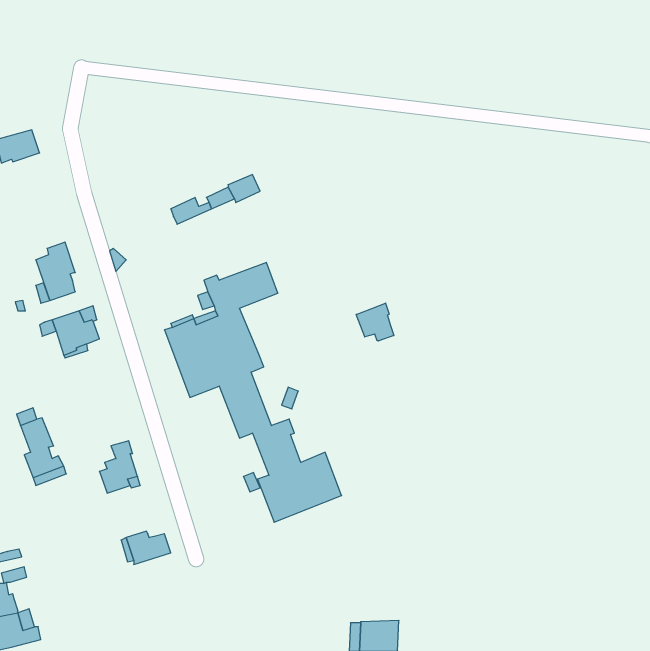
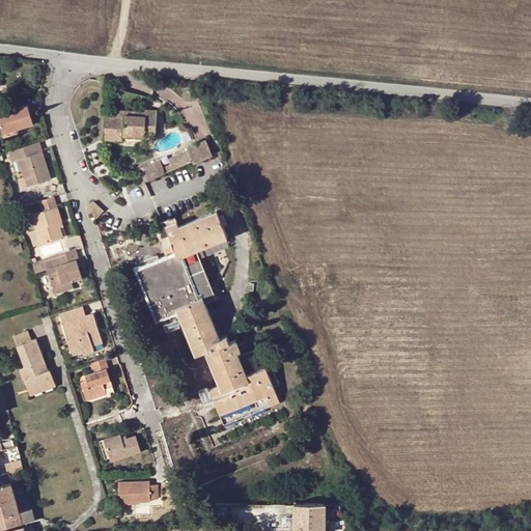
building: none -> [103,111,156,142]
building: none -> [7,143,51,188]
building: [356,303,394,341] -> none
building: none -> [59,308,101,355]
building: none -> [117,482,149,505]

